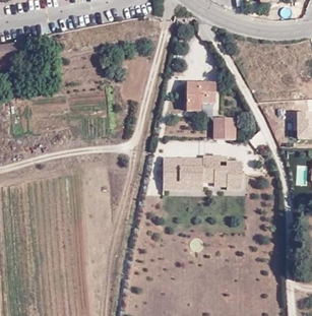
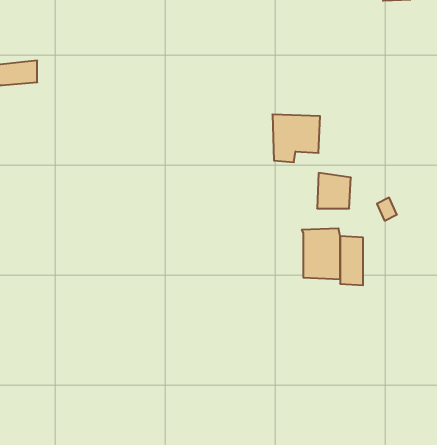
building: [164,154,205,189] -> none

